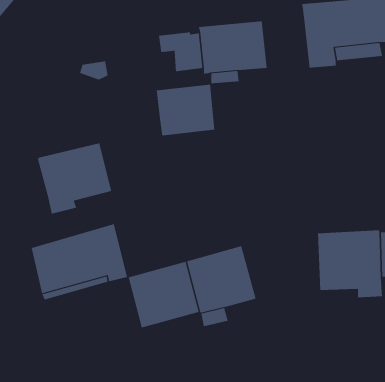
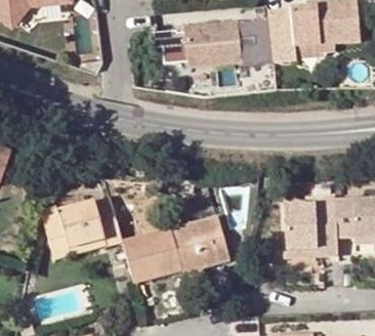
building: none -> [250,26,275,67]
building: [156,84,215,136] -> none
building: [37,143,112,214] -> none

